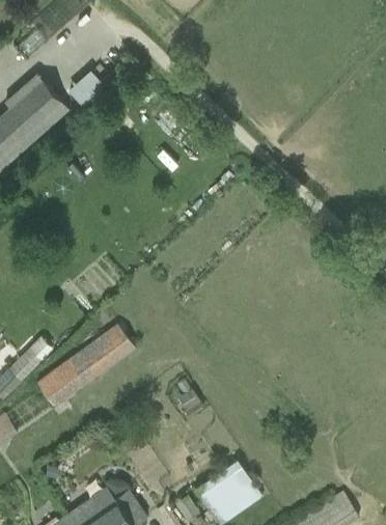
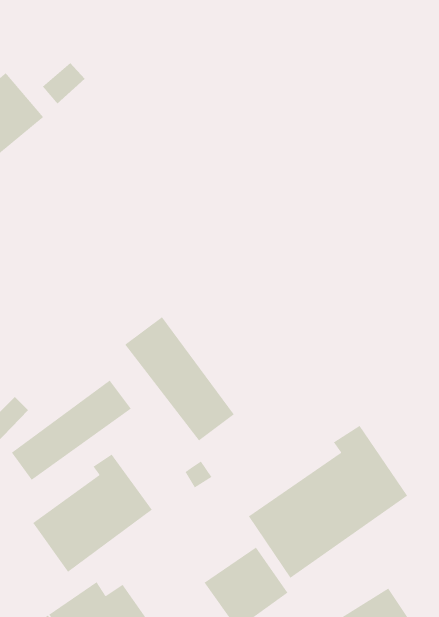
building: none -> [124,316,235,442]
building: none -> [248,425,408,579]
building: none -> [32,453,153,573]

